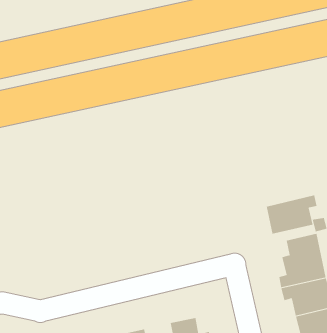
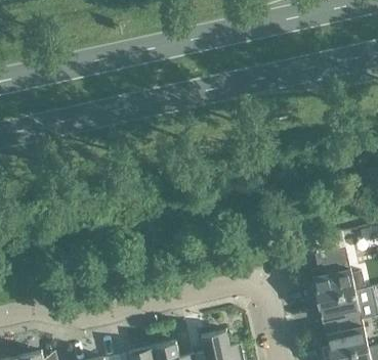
building: [266,195,317,234] -> none

